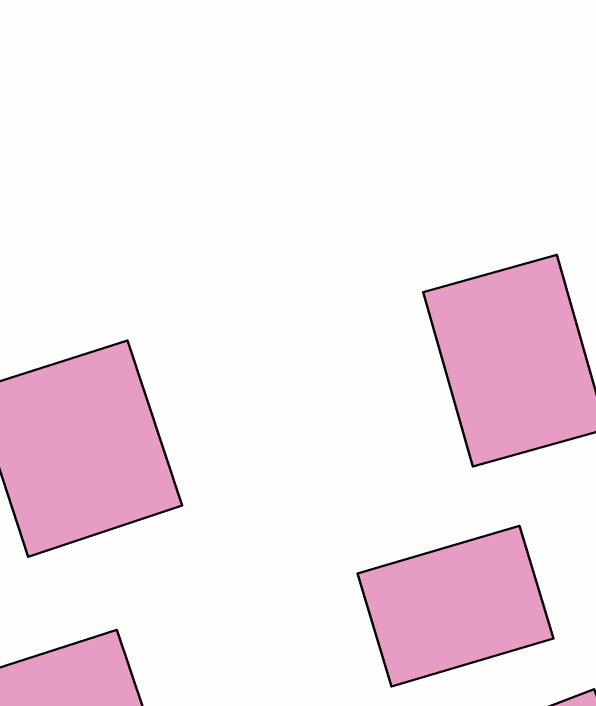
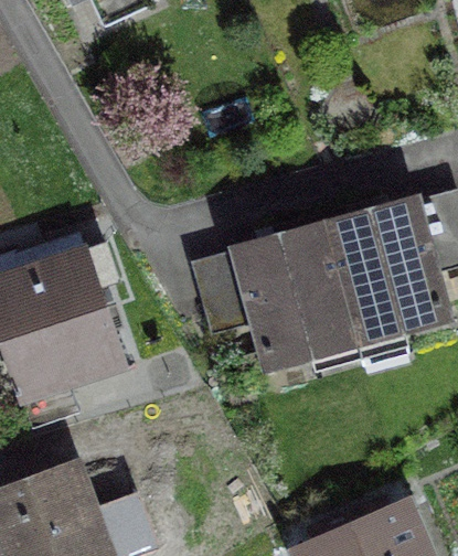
building: none -> [183,225,340,376]
building: [357,526,554,686] -> none

